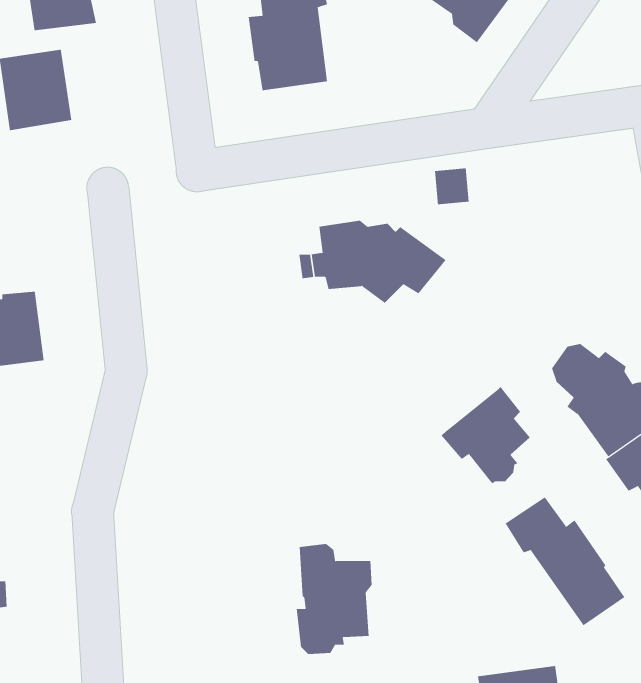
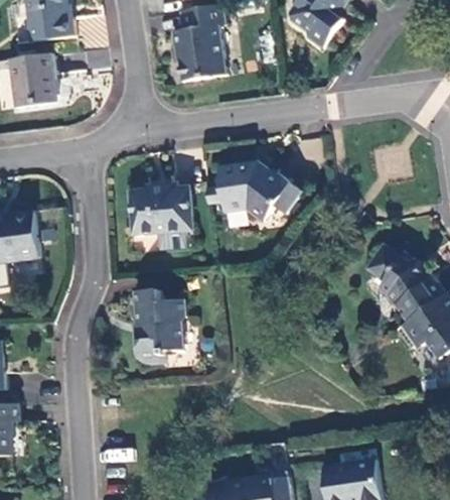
building: none -> [134,188,192,235]
building: [441,386,530,484] -> none
building: [505,496,625,626] -> none
building: [296,544,373,655] -> [135,289,185,362]

